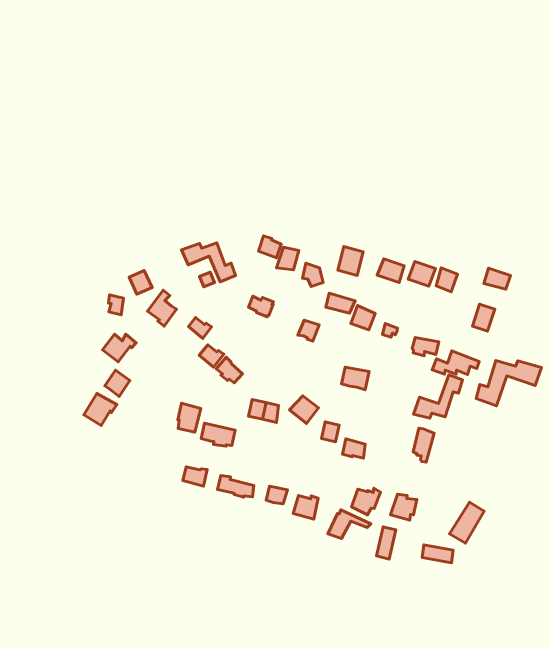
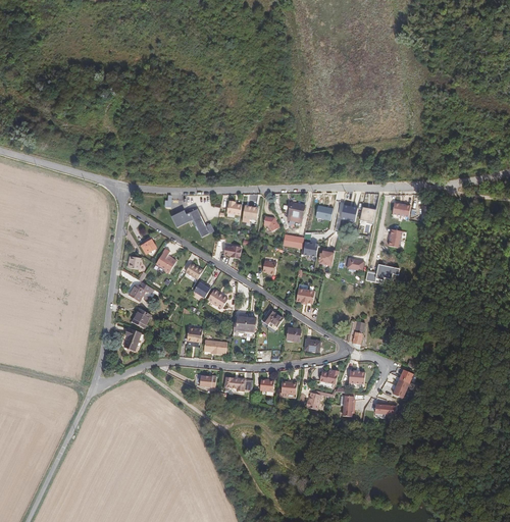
building: [476,360,542,406] -> none
building: [413,375,463,418] -> none

